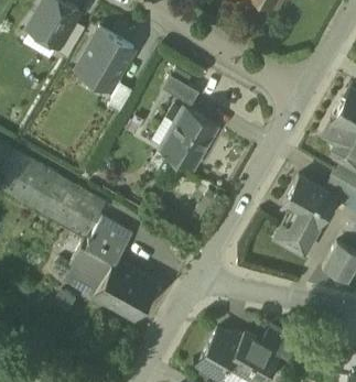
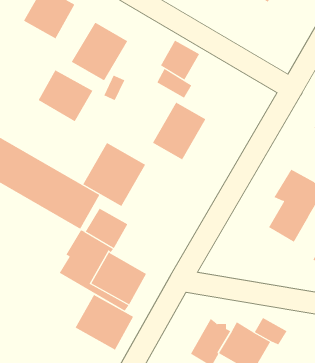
building: none -> [160,40,200,80]
building: none -> [38,69,93,122]
building: none -> [82,142,146,207]
building: none -> [75,294,134,350]

